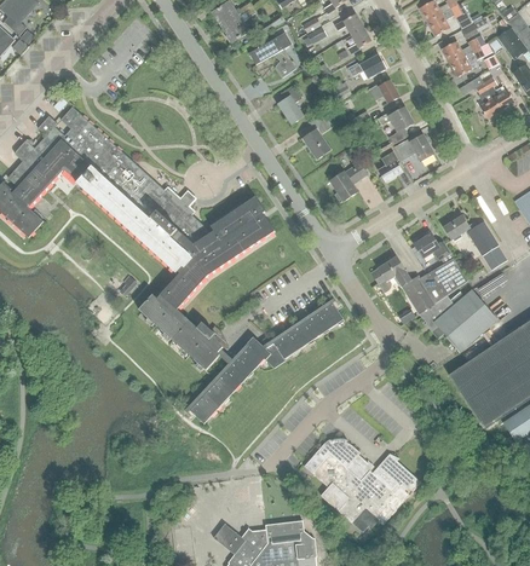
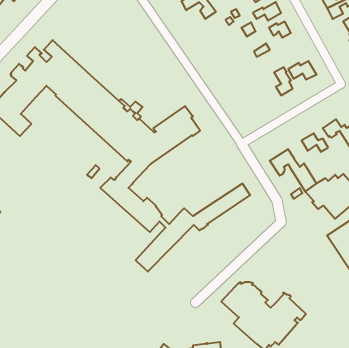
building: [277,85,304,123] -> none
building: [379,106,414,144] -> none
building: [301,112,333,160] -> none
building: [329,162,367,202] -> none
building: [419,256,467,302] -> none

